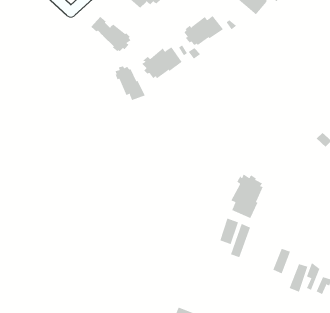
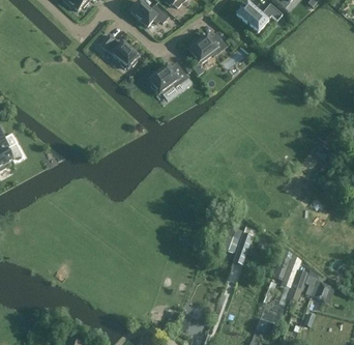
building: [115,65,145,101] -> none
building: [231,173,264,219] -> none

